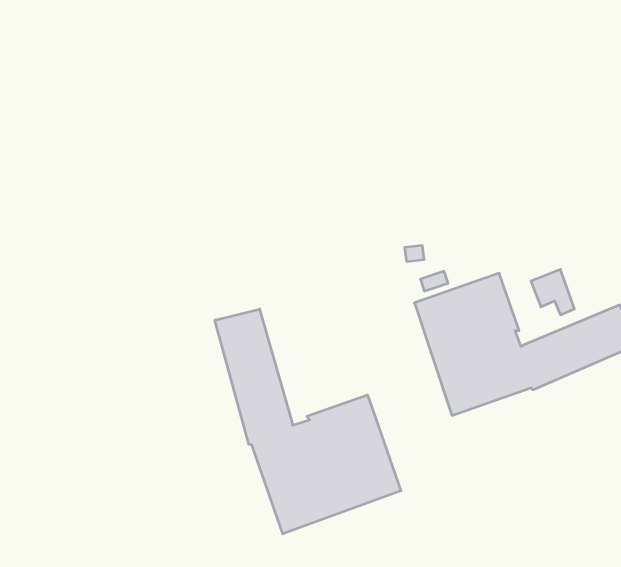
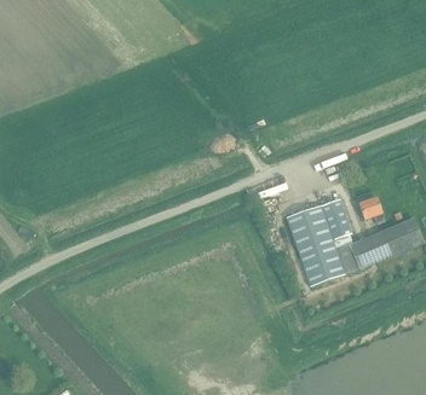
building: [215,309,401,534] -> none

